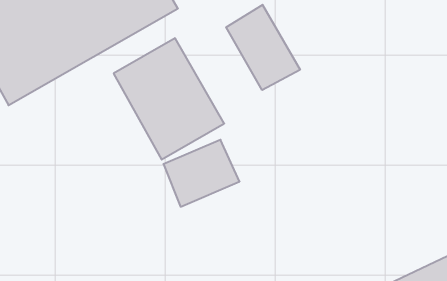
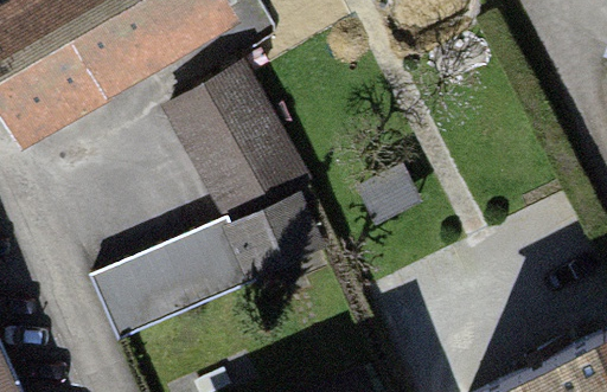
building: [226,5,300,90] -> none
building: none -> [91,219,251,339]

